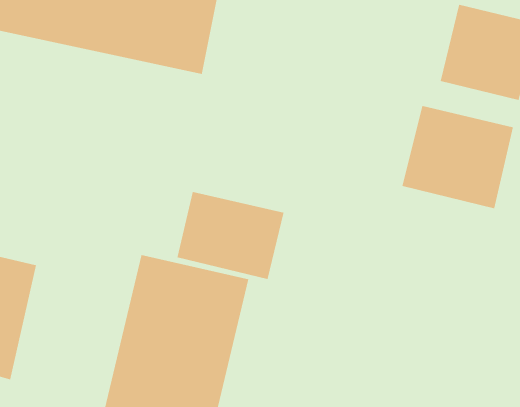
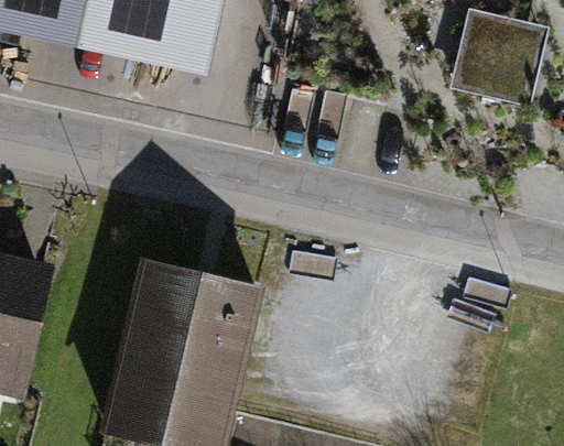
building: [402,105,513,209] -> none
building: [177,191,284,280] -> none

